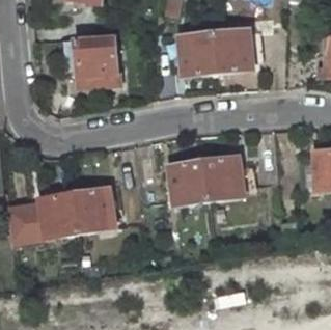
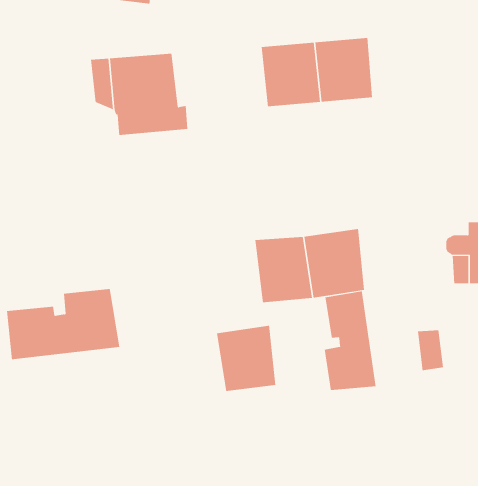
building: [77,188,116,231] -> [216,325,276,392]
building: none -> [324,291,376,391]

